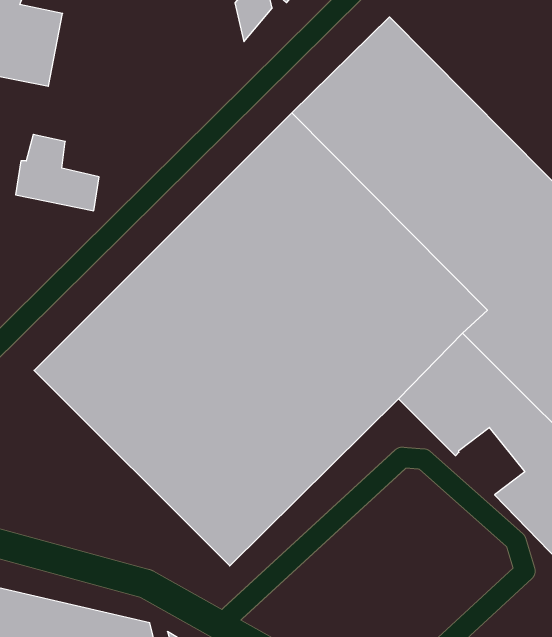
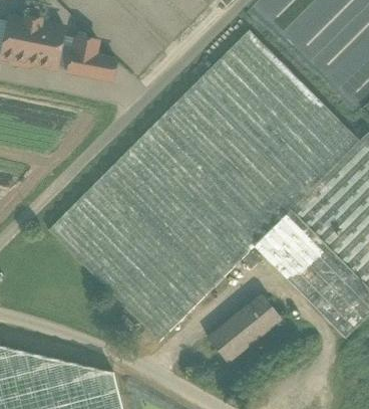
building: [16,134,99,211] -> [68,37,115,80]
building: none -> [288,262,325,300]
building: none -> [207,296,280,363]

